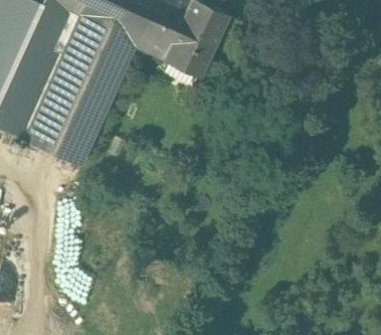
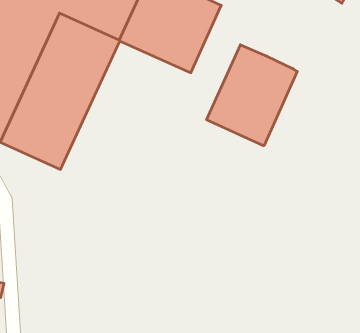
building: none -> [207,45,297,146]

